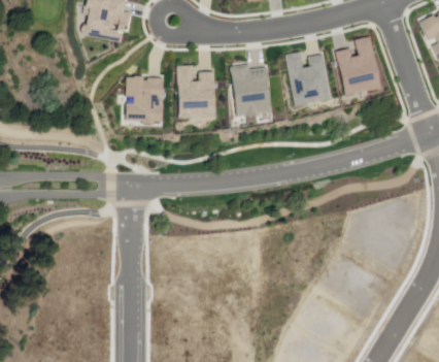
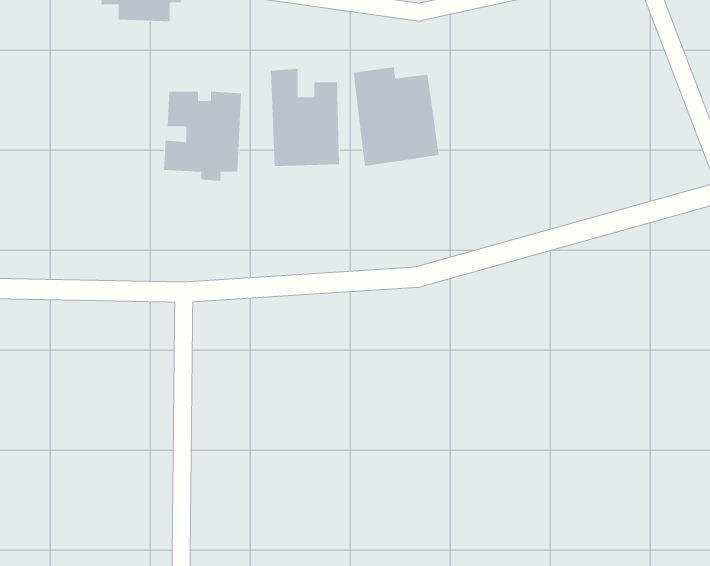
building: [336,34,382,94] -> none
building: [286,50,332,104] -> none

